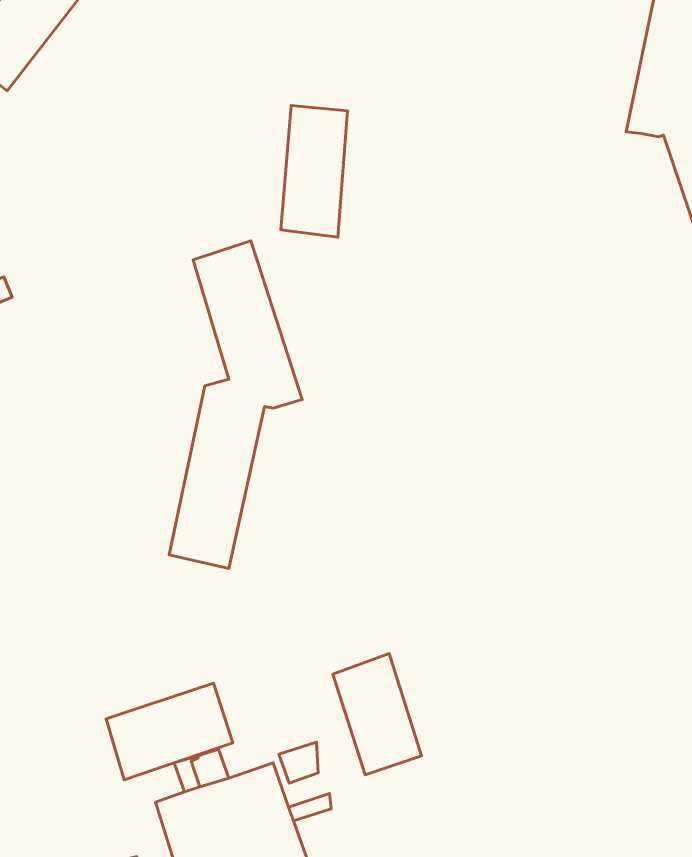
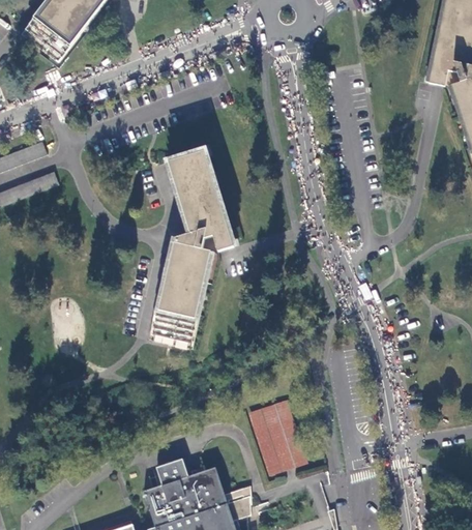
building: [281,105,348,237] -> none
building: [106,683,233,780] -> none
building: [279,742,318,783] -> [228,495,252,520]

